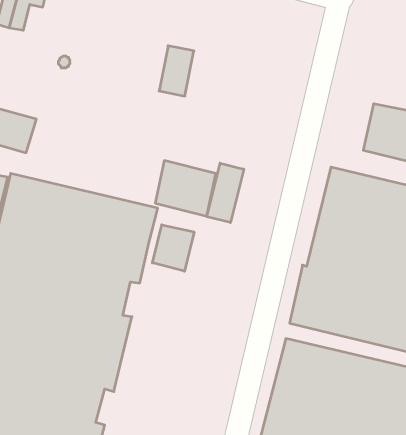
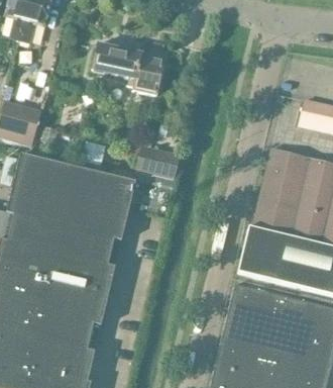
building: none -> [92,41,143,89]
building: [207,163,244,223] -> none
building: [152,225,194,271] -> none

